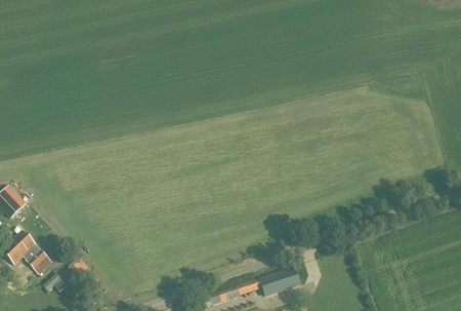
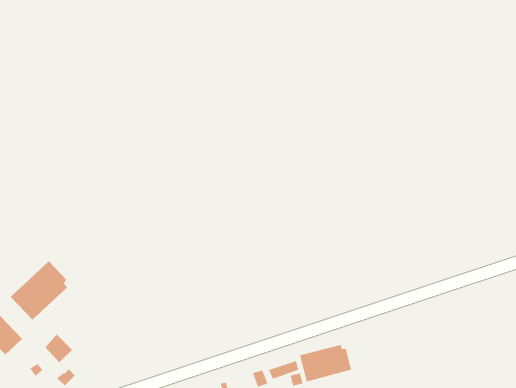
building: none -> [10,261,68,321]

